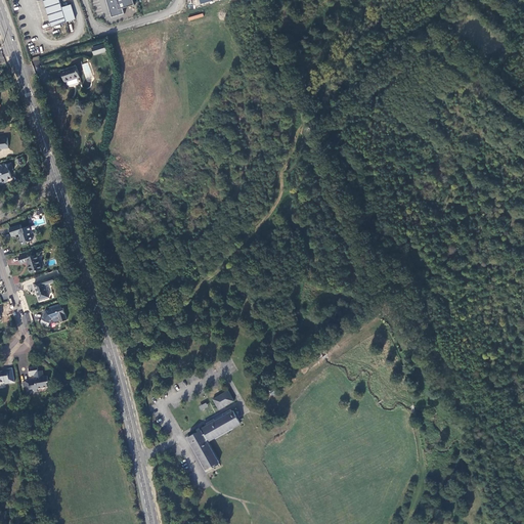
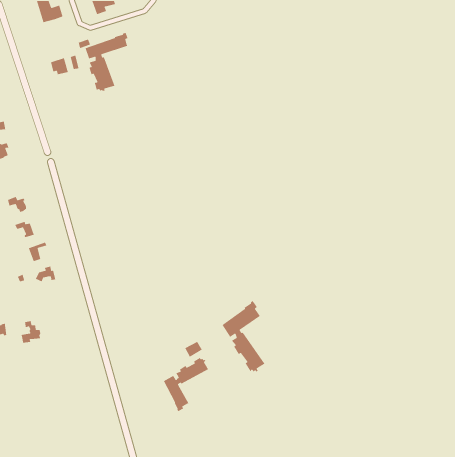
building: none -> [84,32,128,92]
building: none -> [221,300,266,373]

